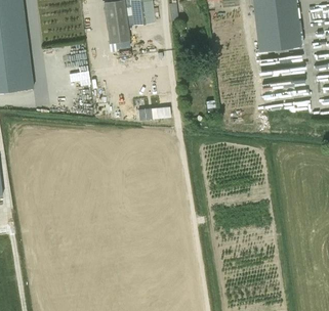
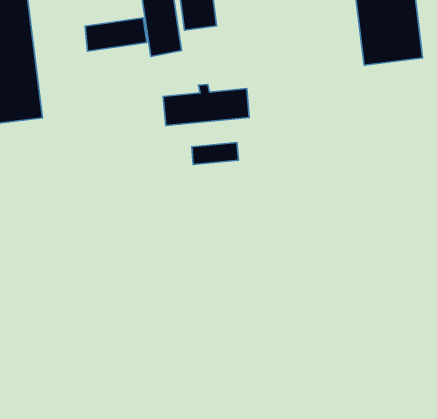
building: none -> [85,18,147,51]
building: none -> [163,85,249,126]

